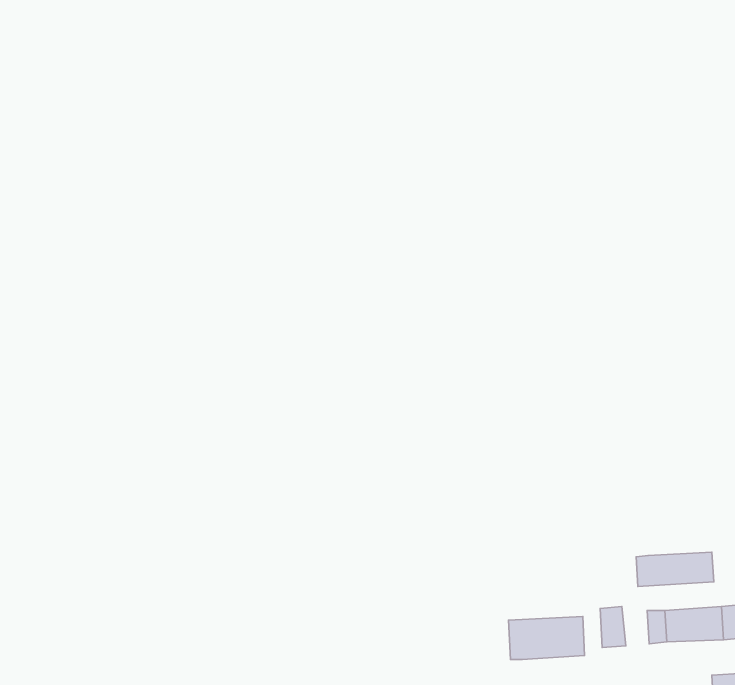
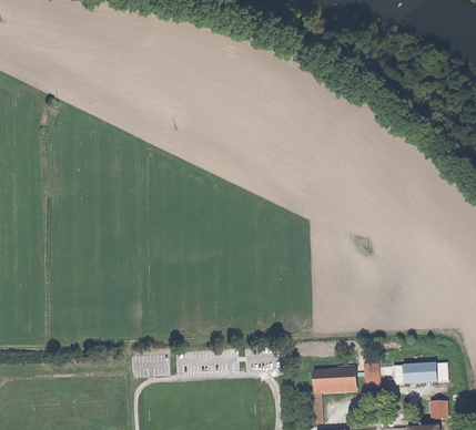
building: [636,552,714,586] -> none

